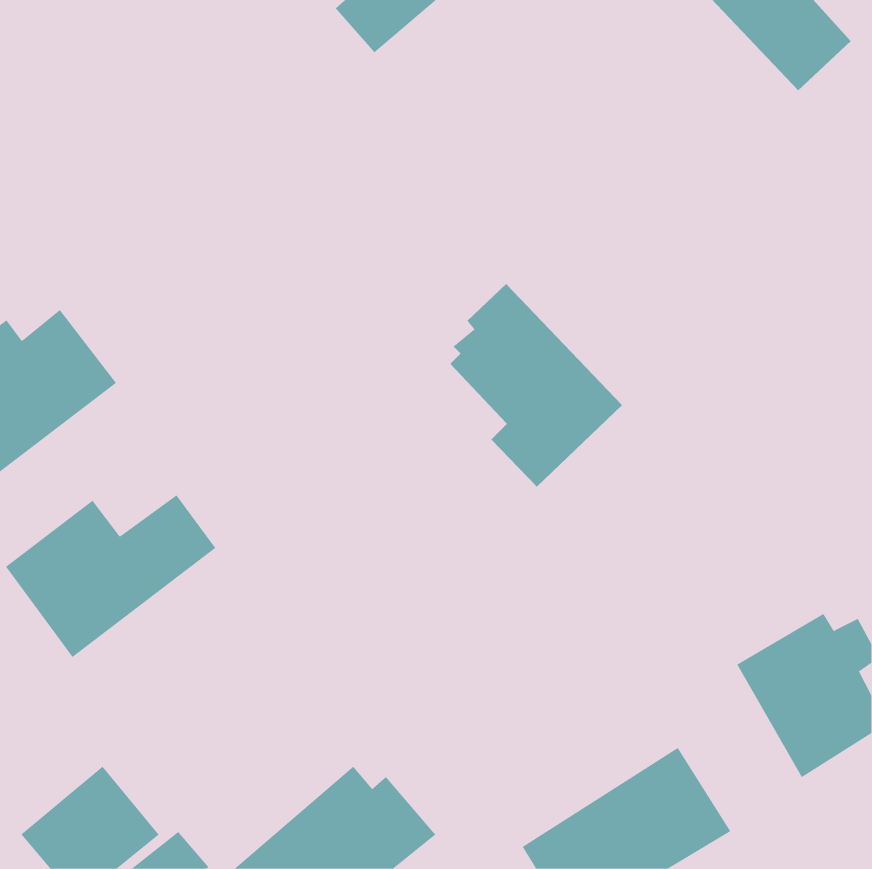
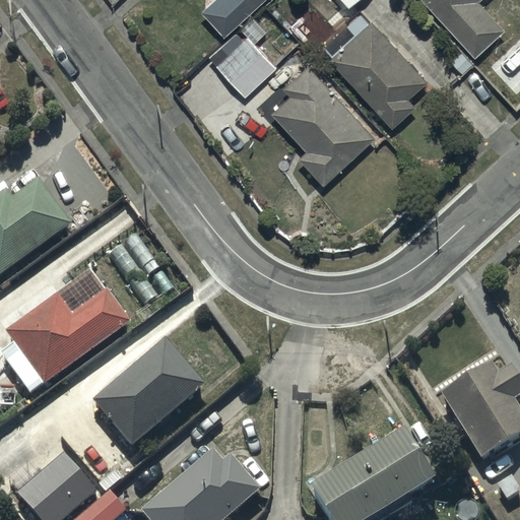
building: none -> [317,6,425,124]
building: none -> [214,31,274,91]
building: [449,283,623,487] -> [271,61,374,182]
building: none -> [90,341,202,450]

